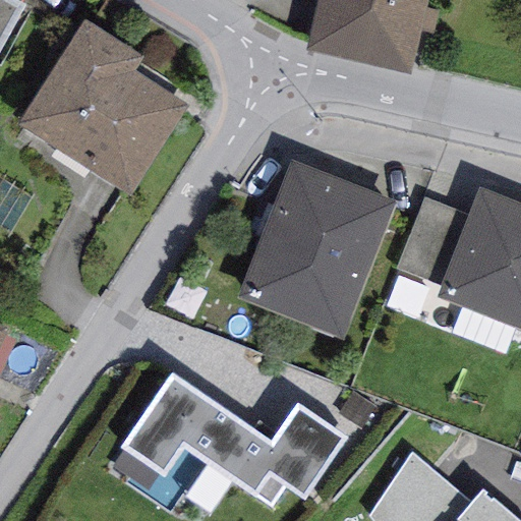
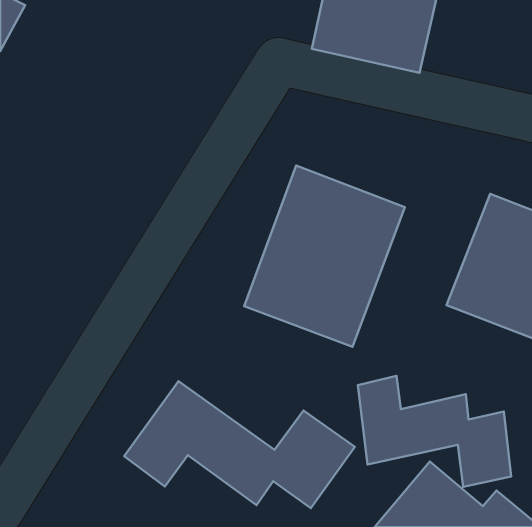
building: [17,19,187,195] -> none
building: none -> [358,376,511,487]

